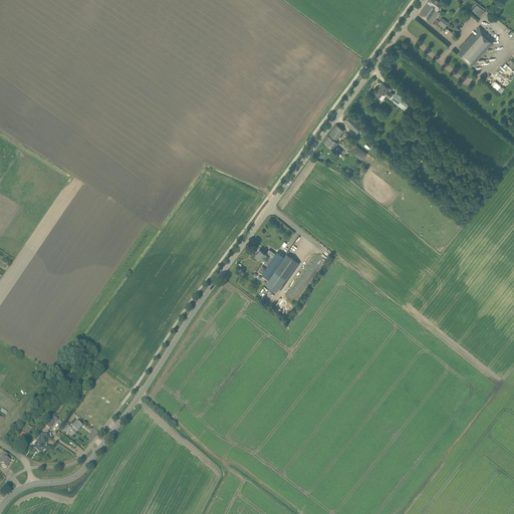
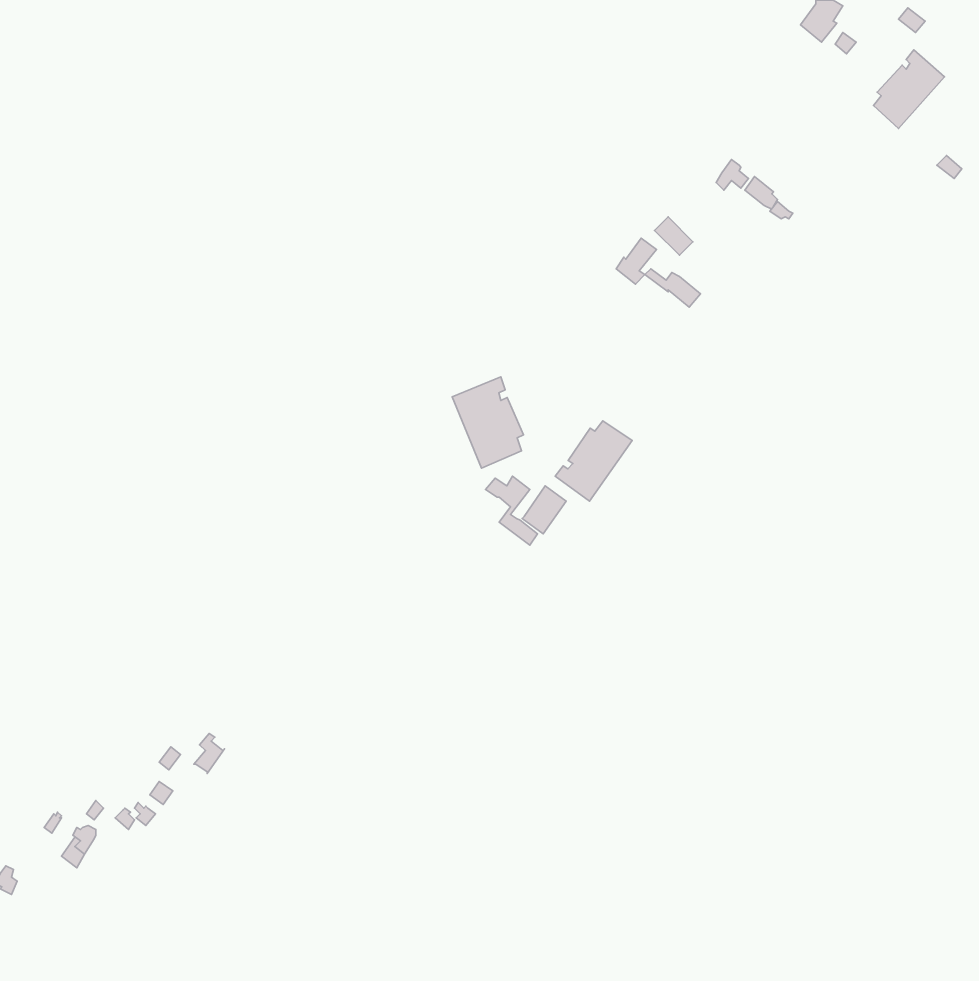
building: none -> [452,377,523,468]
building: none -> [555,421,632,501]

